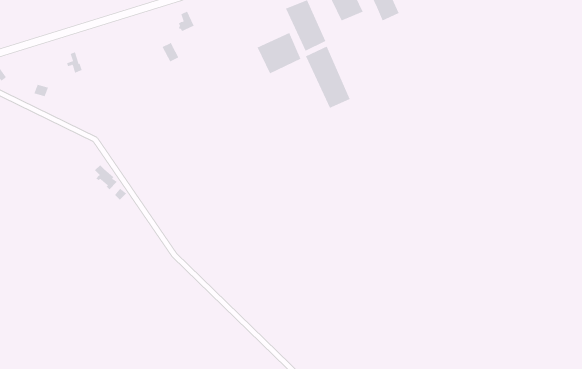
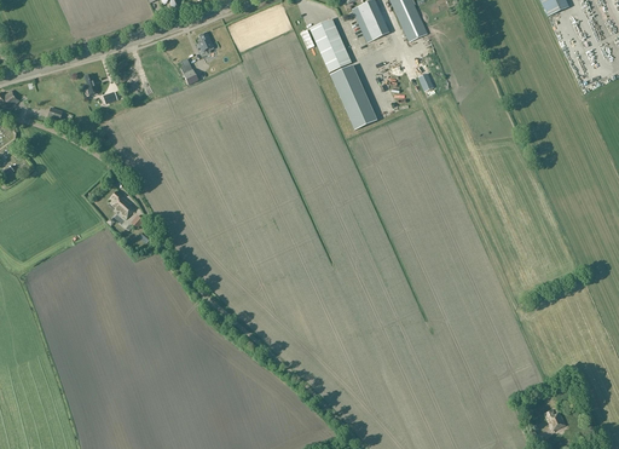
building: [257,32,301,74] -> none

